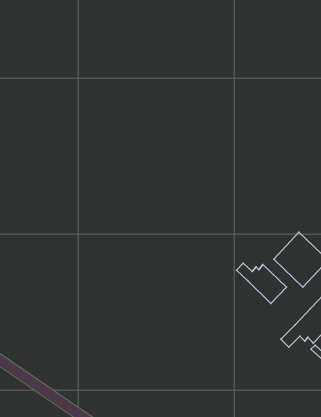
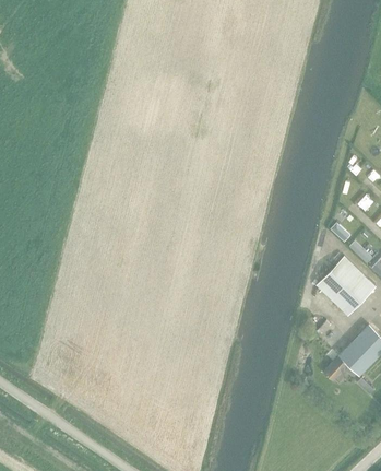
building: [236,263,287,304] -> none

